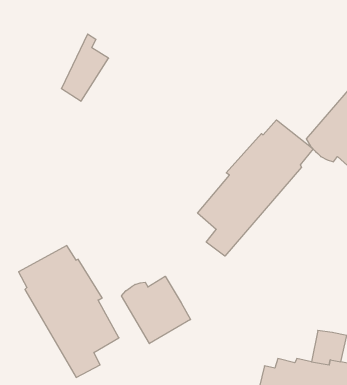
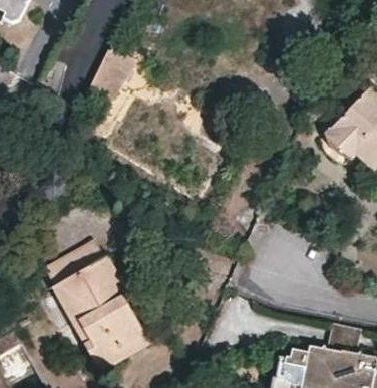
building: [198,120,313,256] -> none
building: [122,276,191,344] -> none

